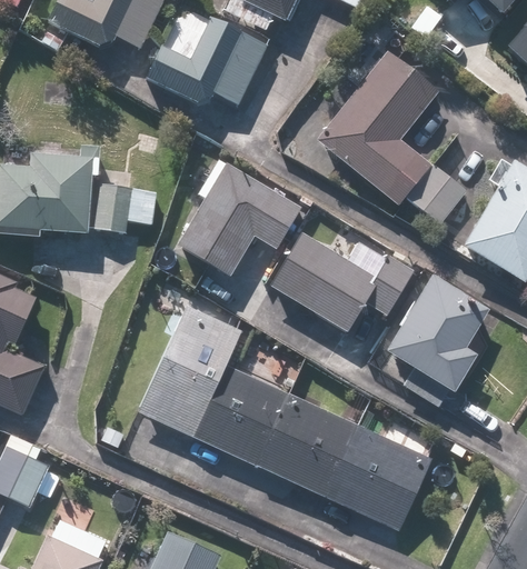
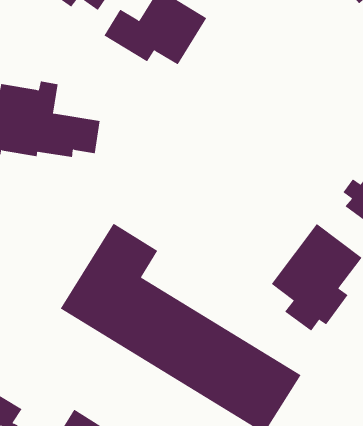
building: [315,51,467,224] -> none
building: [177,158,302,276] -> none
building: [269,231,414,330] -> none

